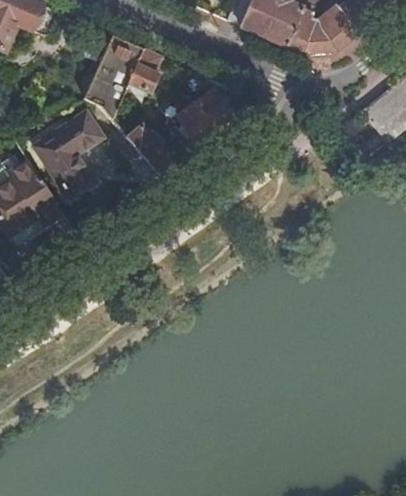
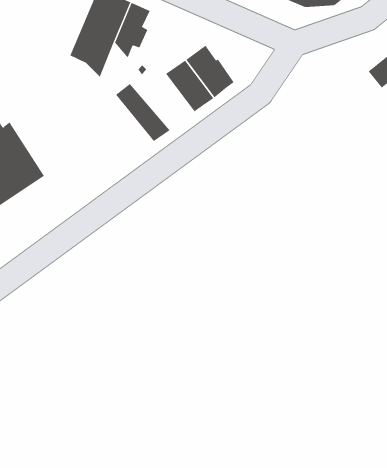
building: [32,110,101,196] -> none

